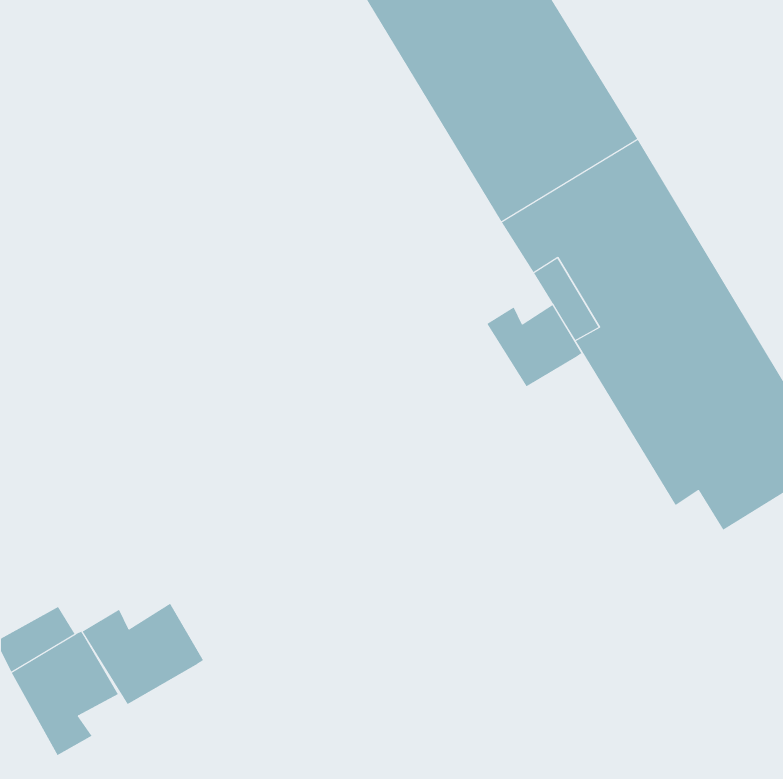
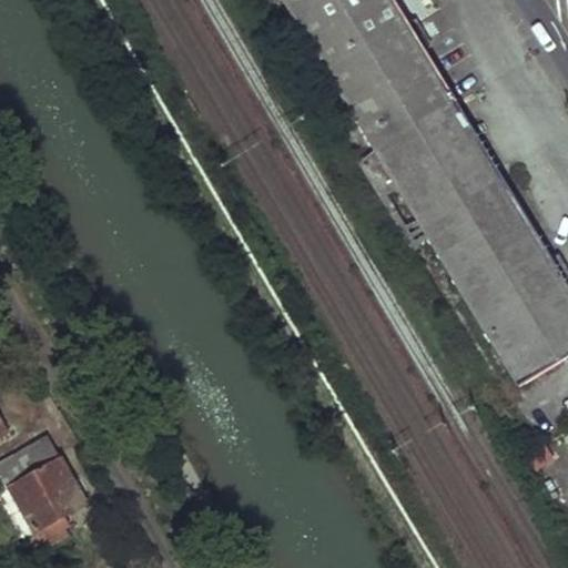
building: [486,304,582,387] -> none
building: [82,603,204,705] -> none

